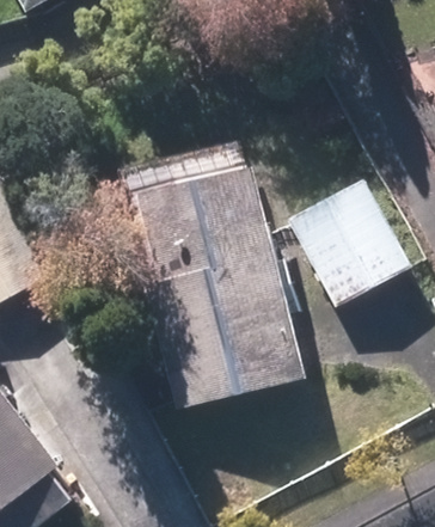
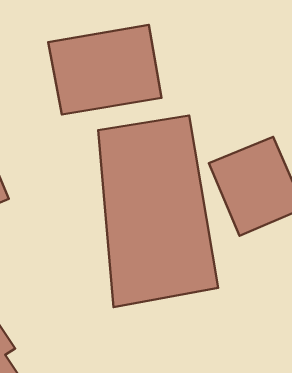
building: none -> [48,25,161,114]

